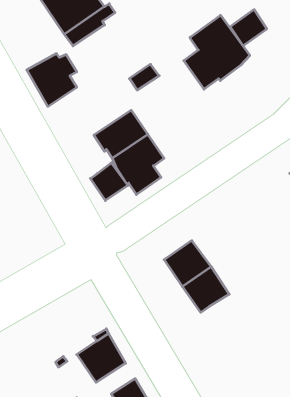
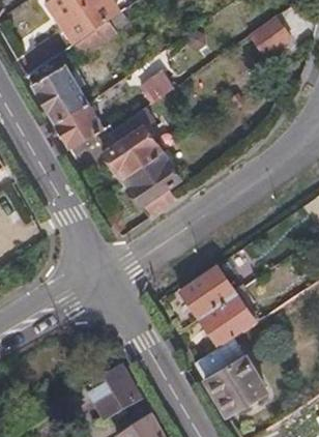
building: [184,15,250,89] -> none
building: none -> [54,100,102,148]
building: [90,163,128,201] -> none
building: none -> [195,338,264,414]

